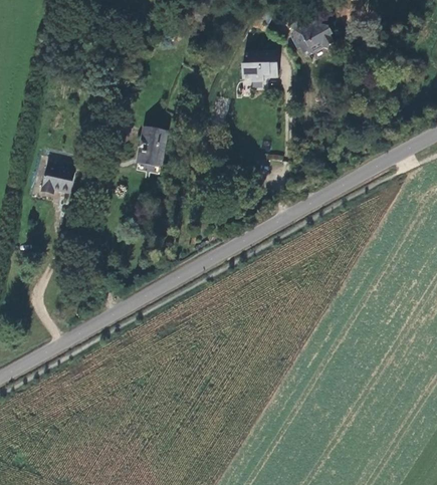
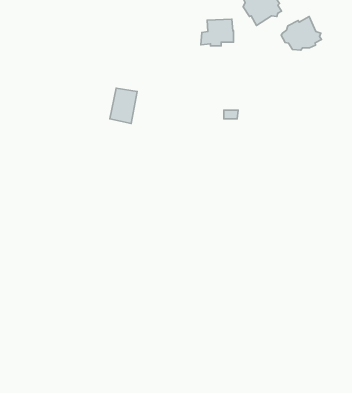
building: none -> [281,17,321,50]
building: [41,167,76,192] -> none

